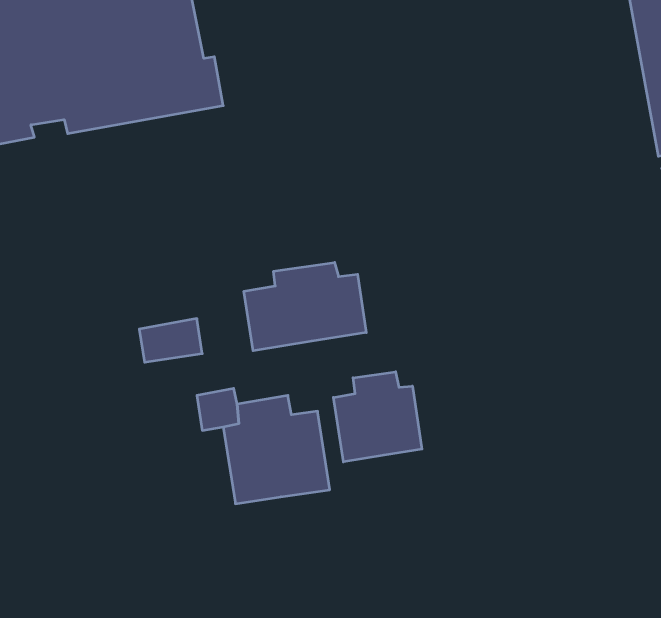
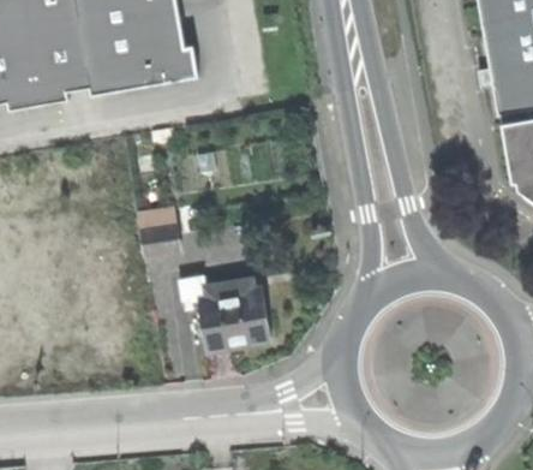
building: [244,262,366,351] -> none
building: [333,372,422,462] -> none

